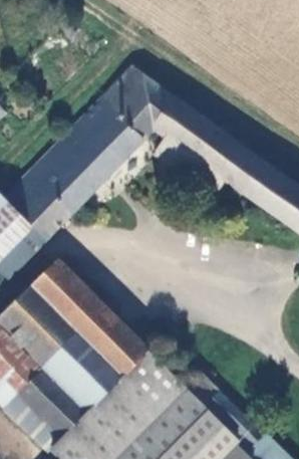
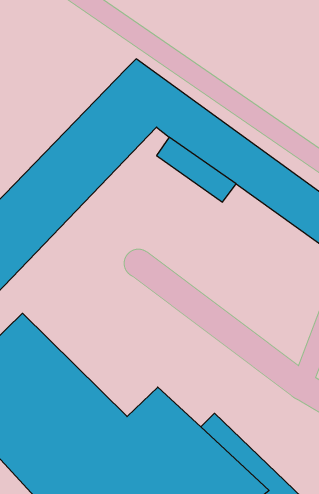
building: [35,261,155,381] -> none

